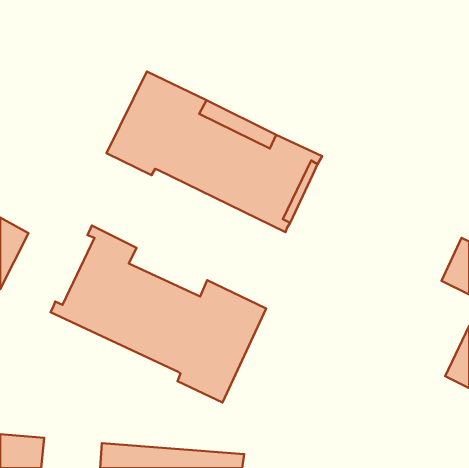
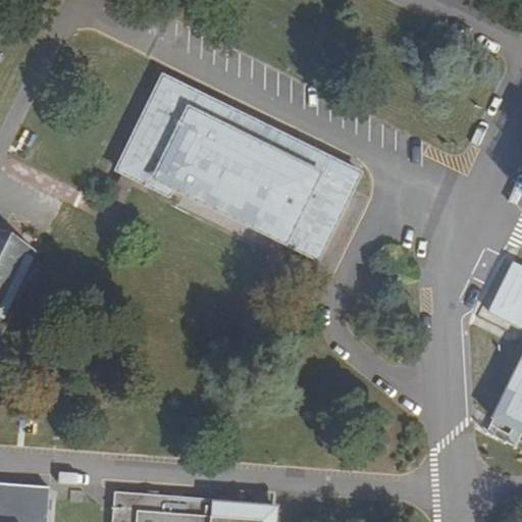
building: [50,225,266,402] -> none

